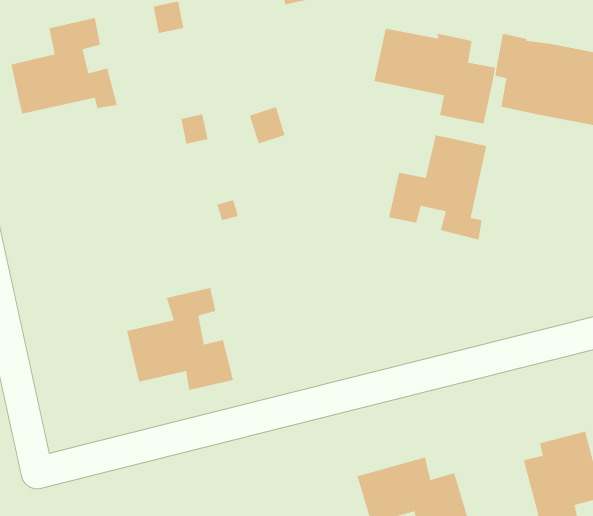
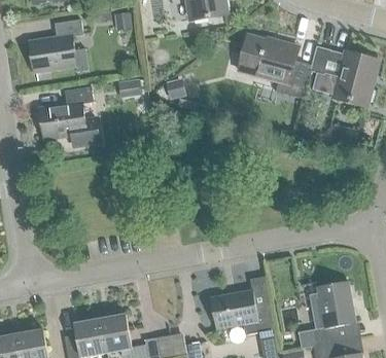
building: [388,135,487,241] -> none
building: [126,287,234,391] -> [37,86,98,146]

